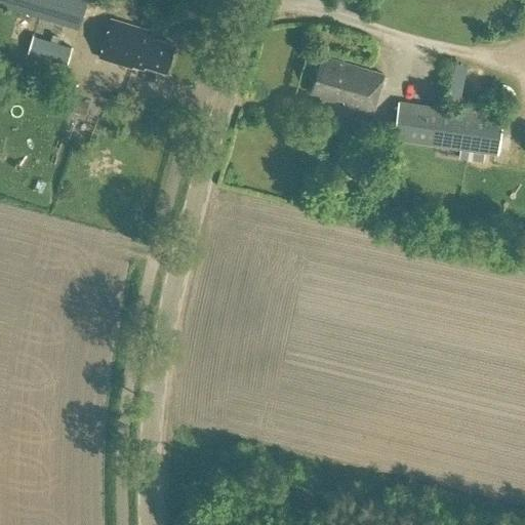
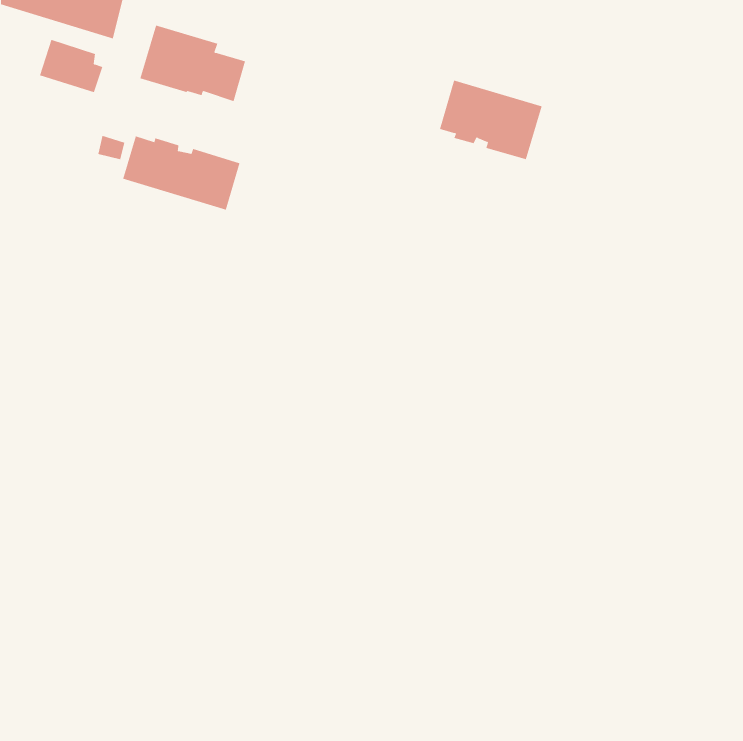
building: none -> [122,135,240,210]
building: [393,102,503,155] -> none

